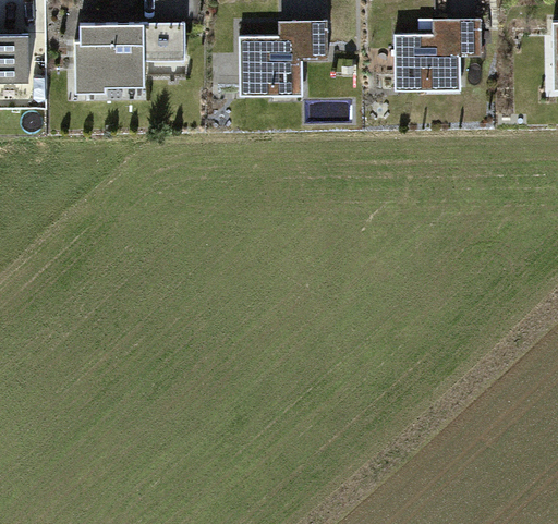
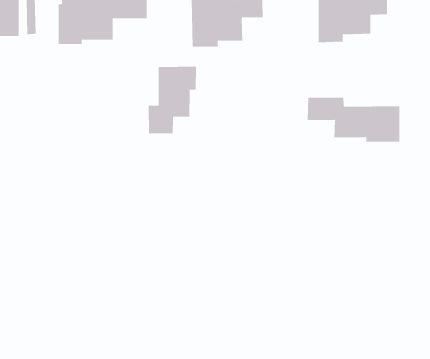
building: none -> [148,66,197,134]
building: none -> [307,97,400,142]

